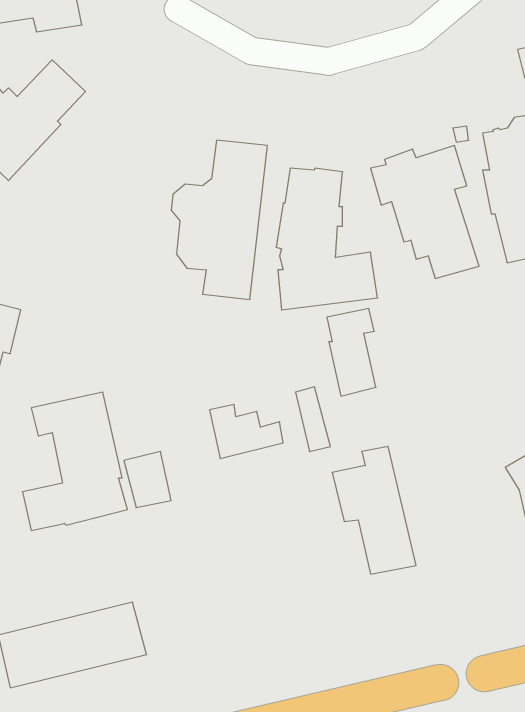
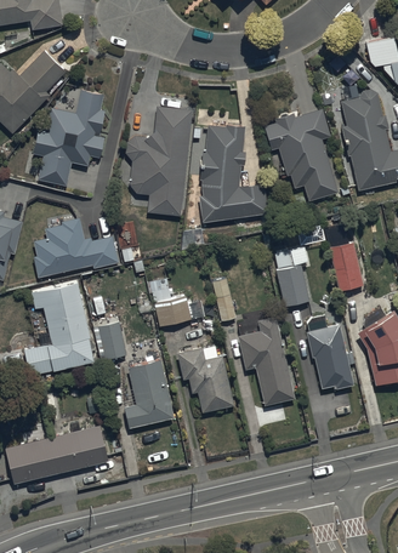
building: none -> [34,90,106,186]
building: none -> [34,218,119,278]
building: [327,309,376,396] -> [275,246,309,307]
building: none -> [330,243,364,291]
building: none -> [307,325,354,389]
building: none -> [177,347,235,412]
building: none -> [125,360,175,429]

